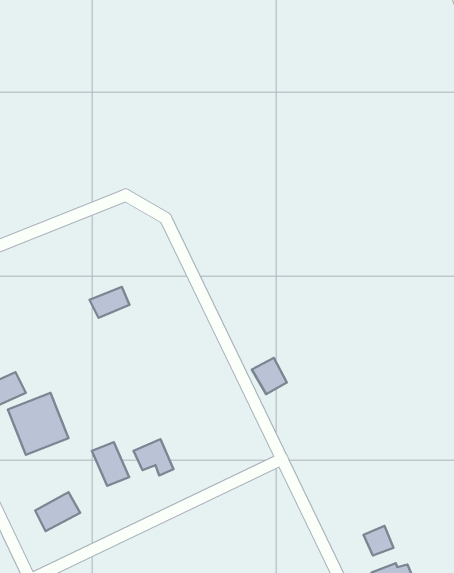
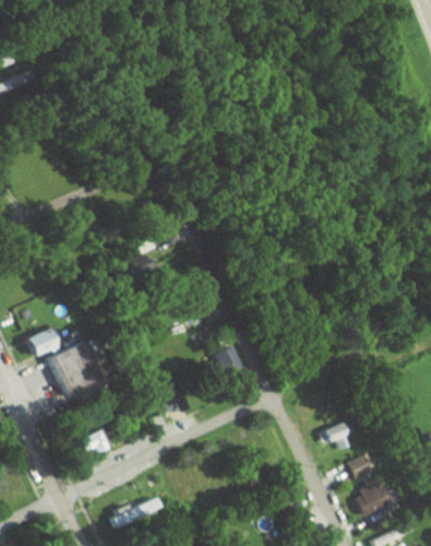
building: [252,358,287,394] -> [214,346,243,377]
building: [92,442,129,486] -> none
building: none -> [322,423,354,451]

